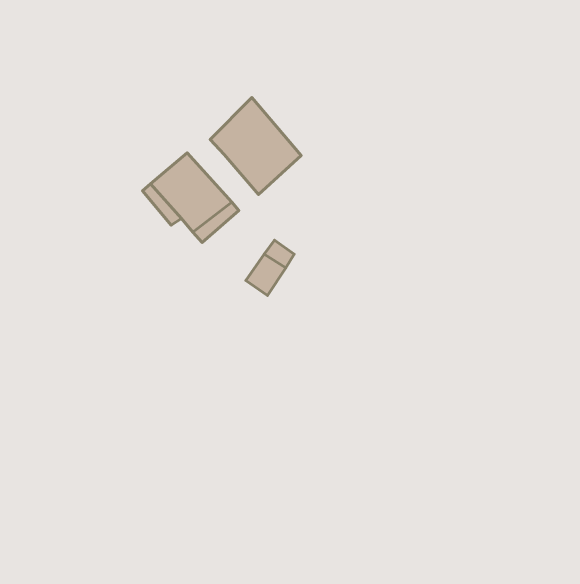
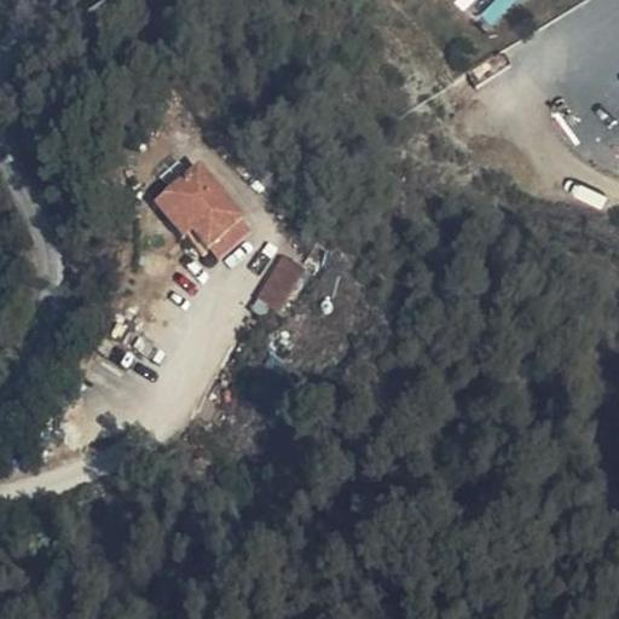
building: [210,98,301,195] -> none

